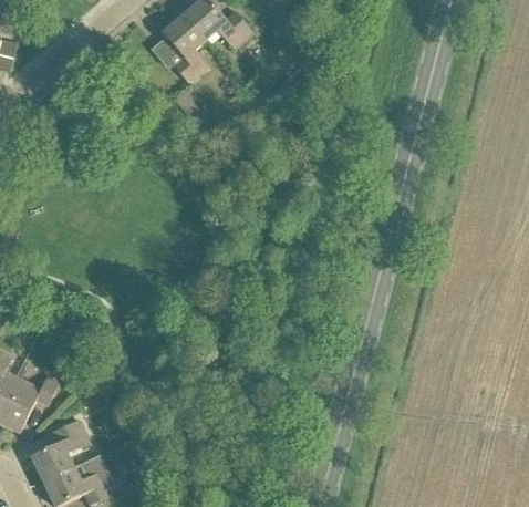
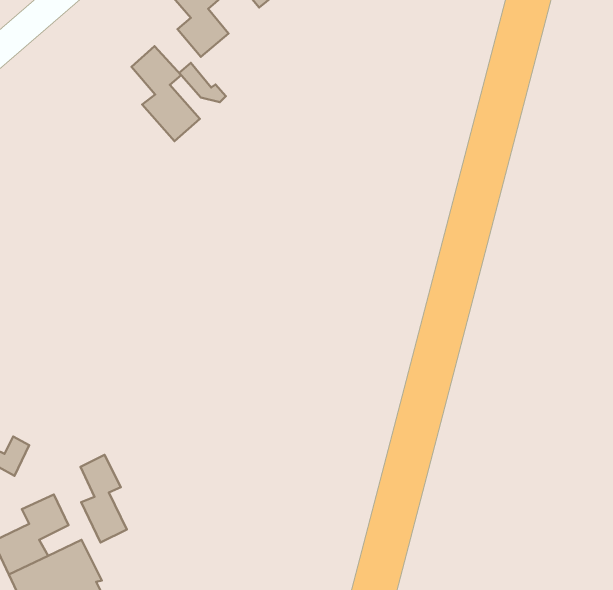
building: none -> [132,46,200,141]
building: none -> [81,455,127,542]

